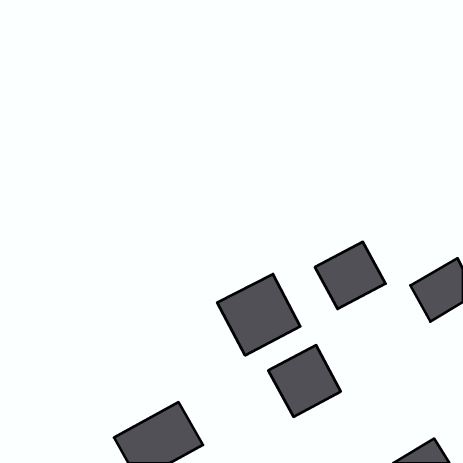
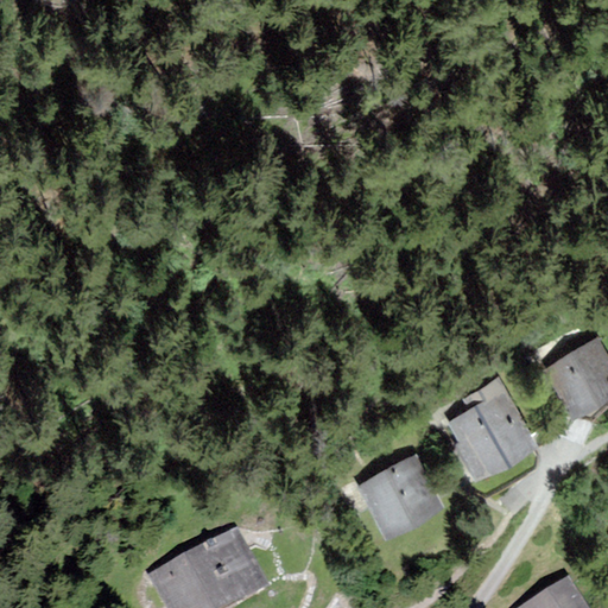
building: [315,242,386,309] -> [444,392,537,480]
building: [217,274,300,355] -> none

